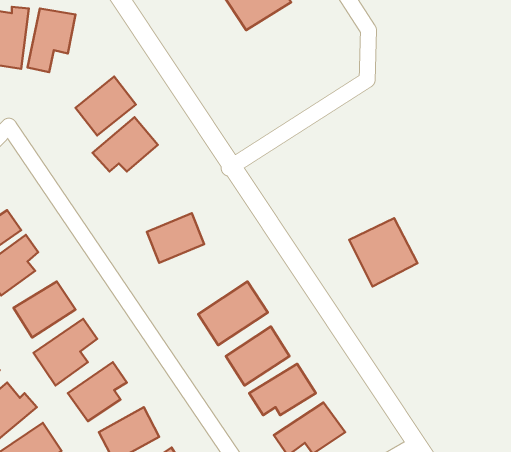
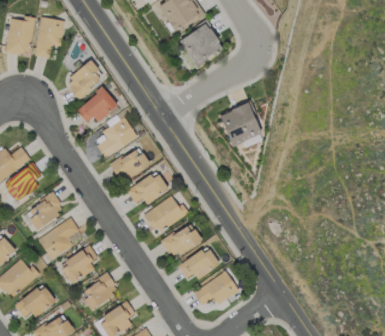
building: none -> [179,22,224,66]
building: none -> [97,117,138,158]
building: [349,218,417,286] -> [219,102,263,146]
building: none -> [127,171,169,204]

